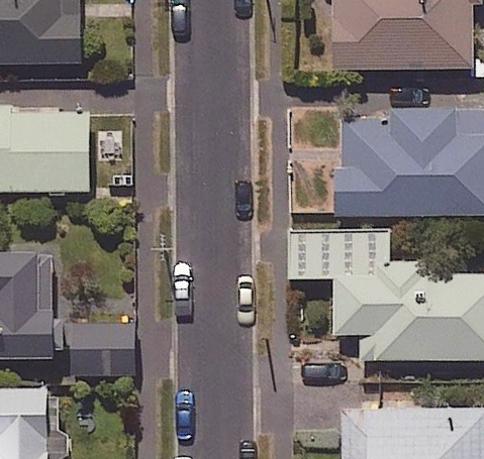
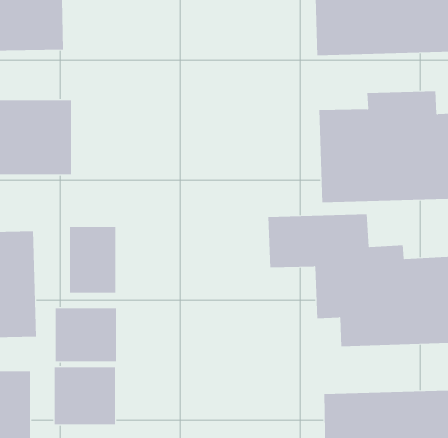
building: none -> [69,226,116,293]
building: none -> [54,366,115,425]

